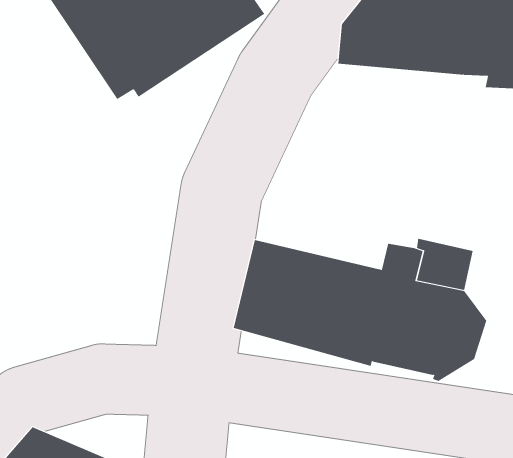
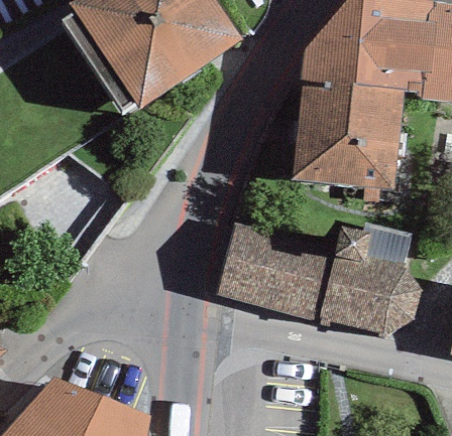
building: none -> [292,83,403,189]

